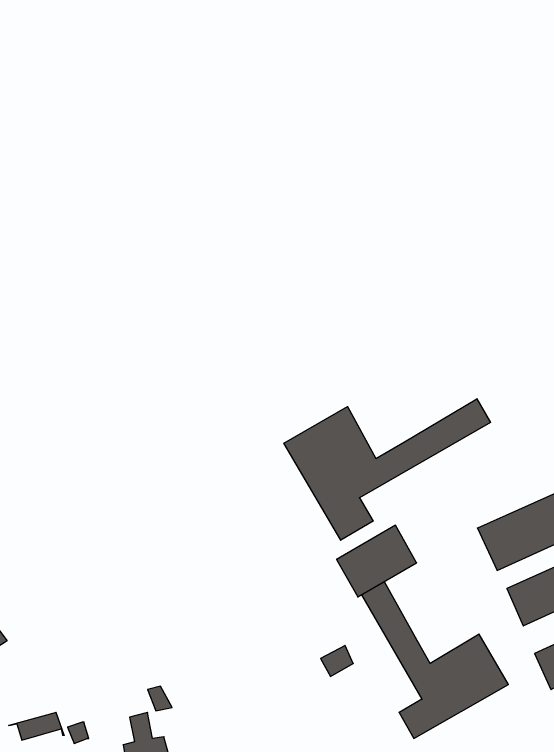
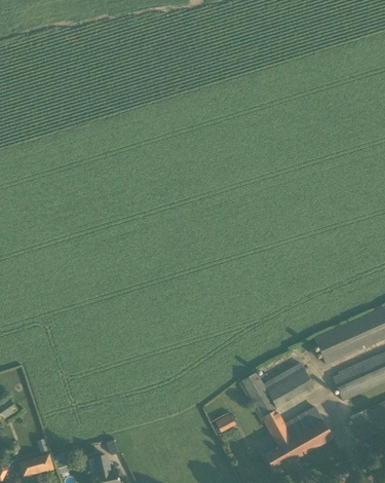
building: [284,399,491,540] -> none
building: [337,525,417,597] -> [264,362,314,407]

